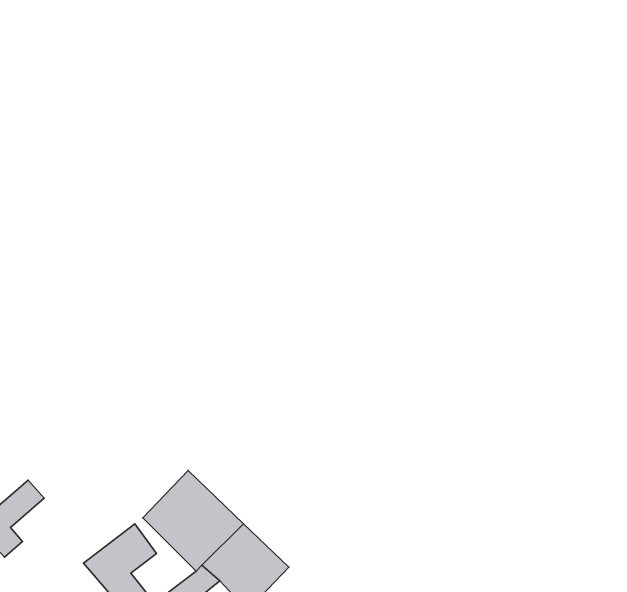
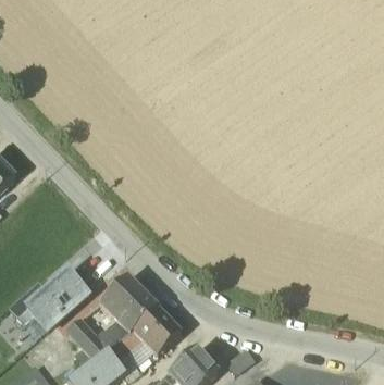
building: none -> [28,275,86,331]

